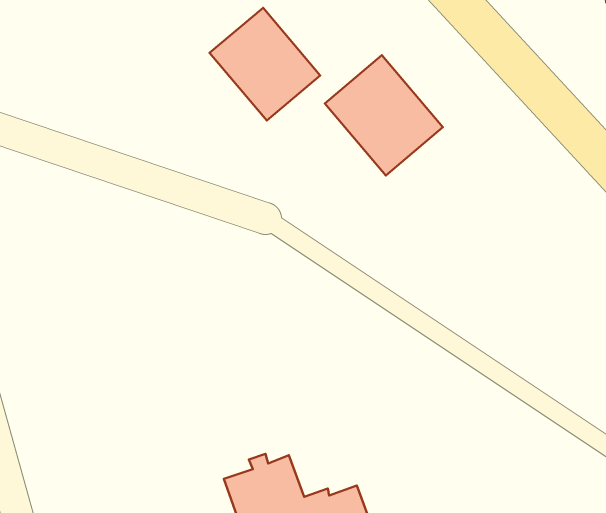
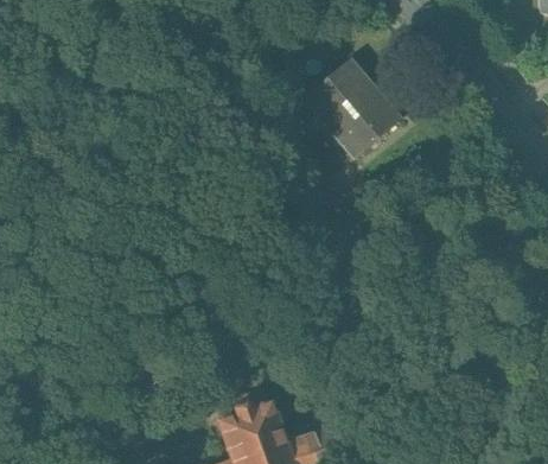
building: [210,8,320,120] -> none

